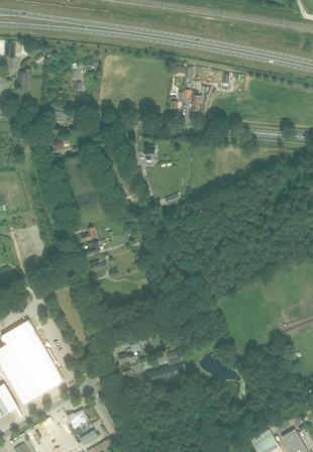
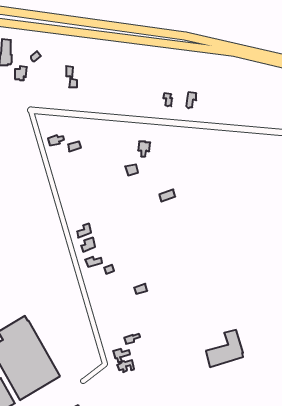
building: [147,350,185,387] -> [206,330,243,367]

